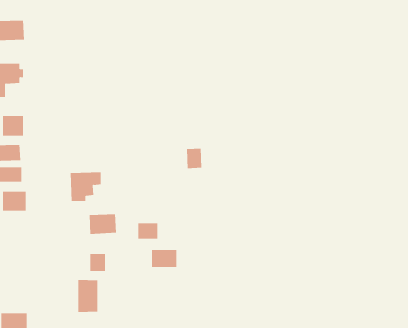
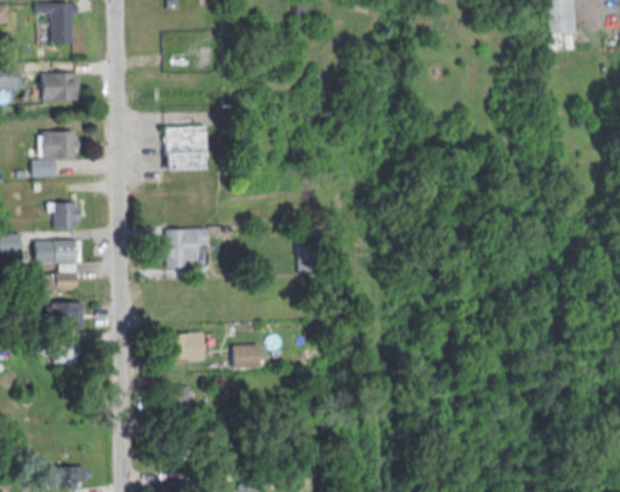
building: none -> [166,126,207,171]
building: [70,172,102,202] -> [166,228,209,268]
building: none -> [55,342,84,364]
building: [152,249,177,268] -> none
building: [78,279,98,313] -> none

